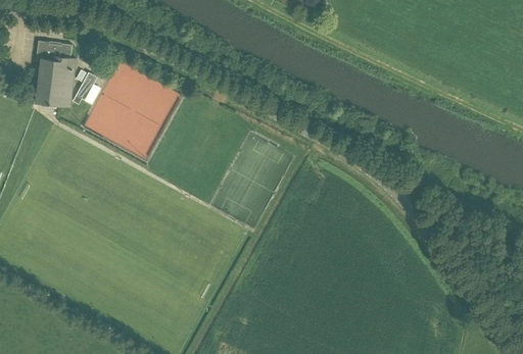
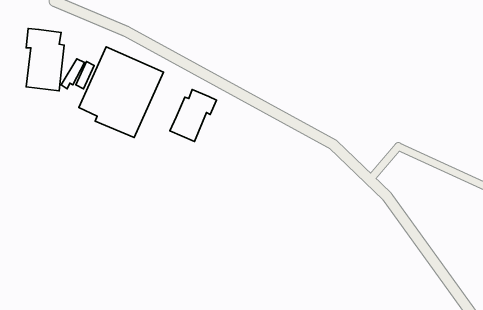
building: none -> [170,90,216,141]

